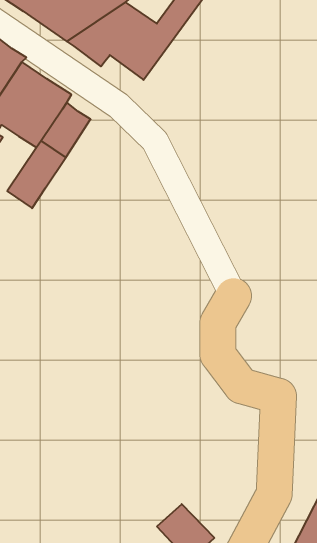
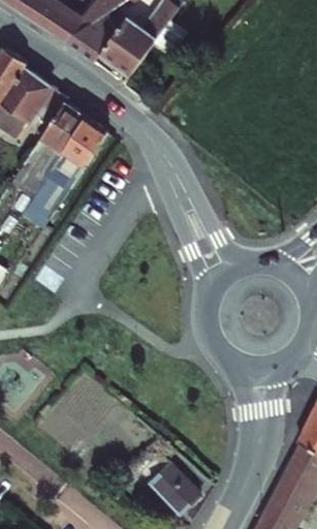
building: none -> [20,113,104,224]

